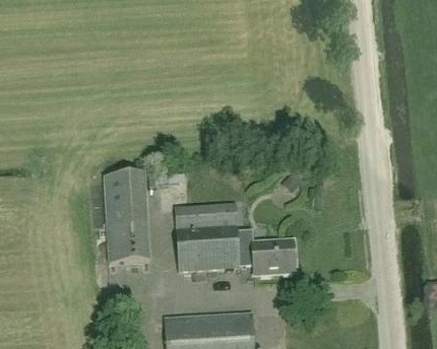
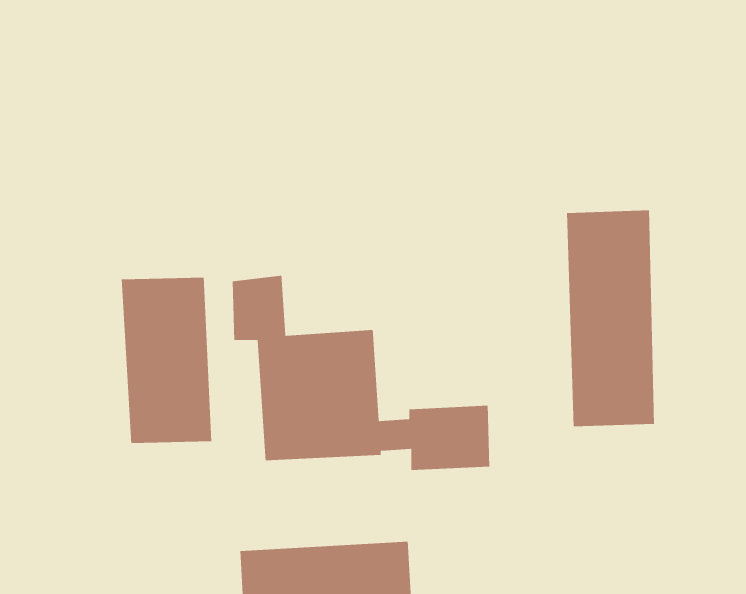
building: none -> [566,209,655,427]

